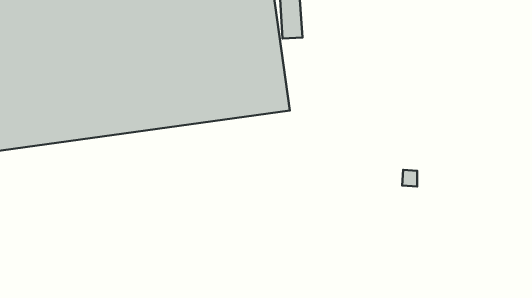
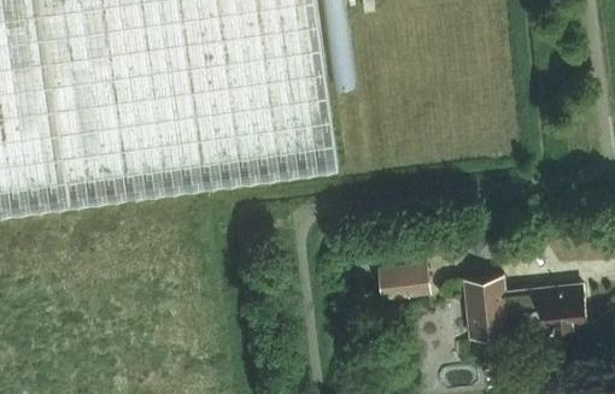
building: none -> [377,263,429,298]
building: none -> [463,275,586,337]

